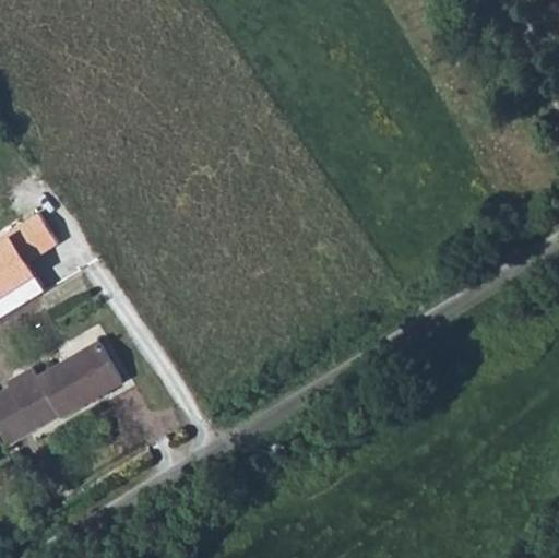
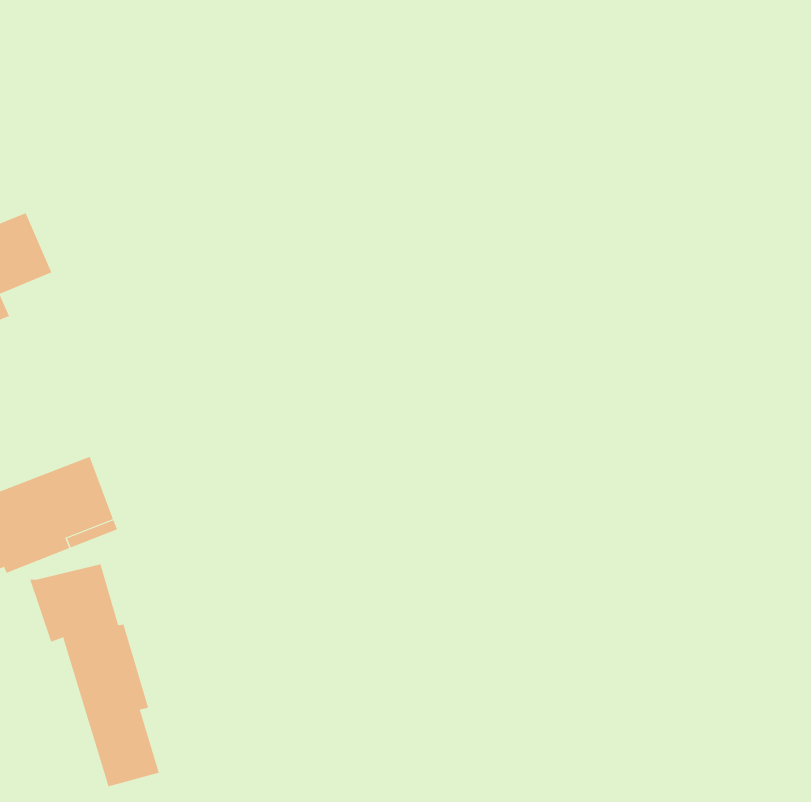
building: none -> [30,563,160,787]

